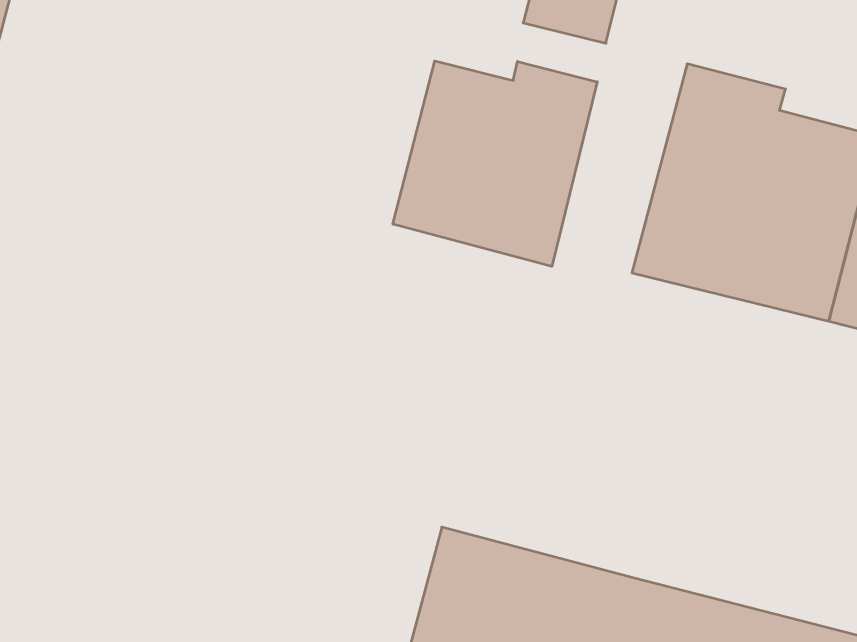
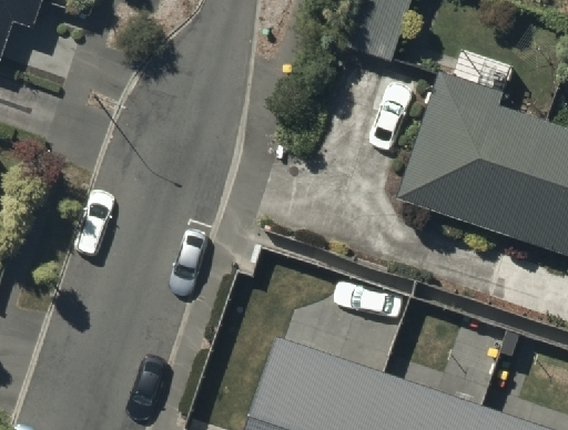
building: [393,61,597,266] -> none

